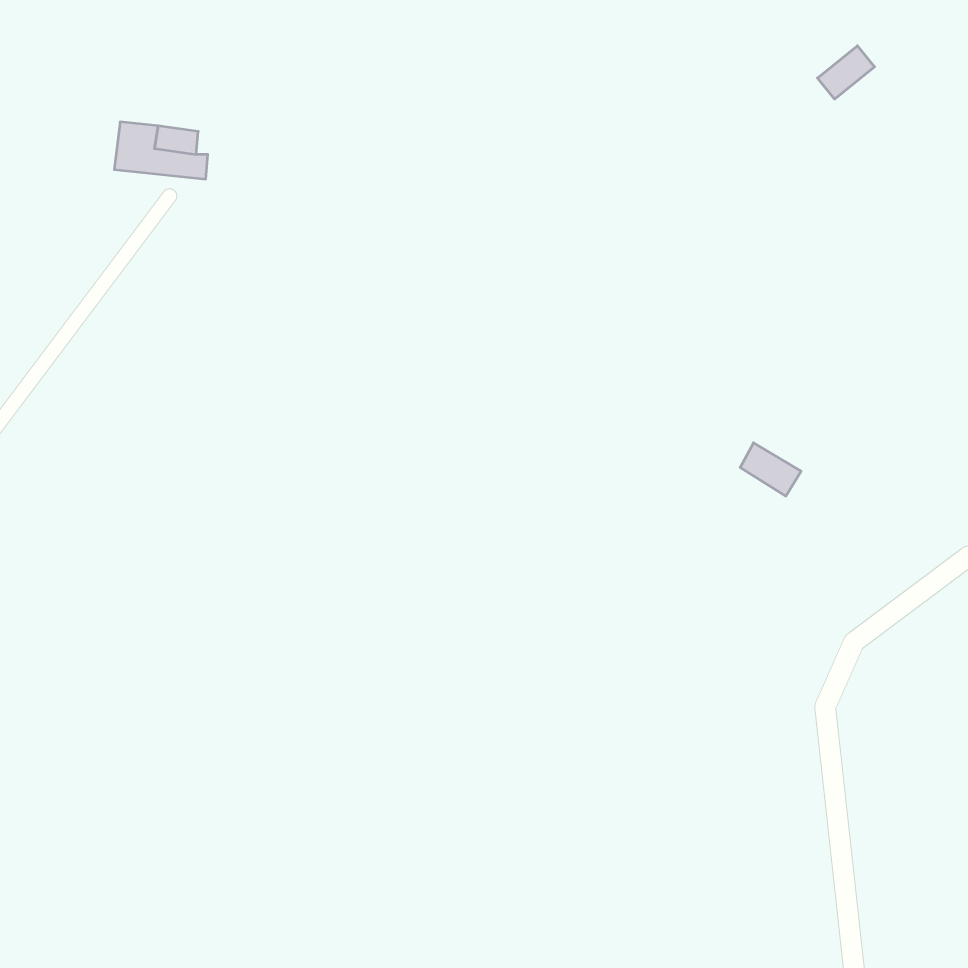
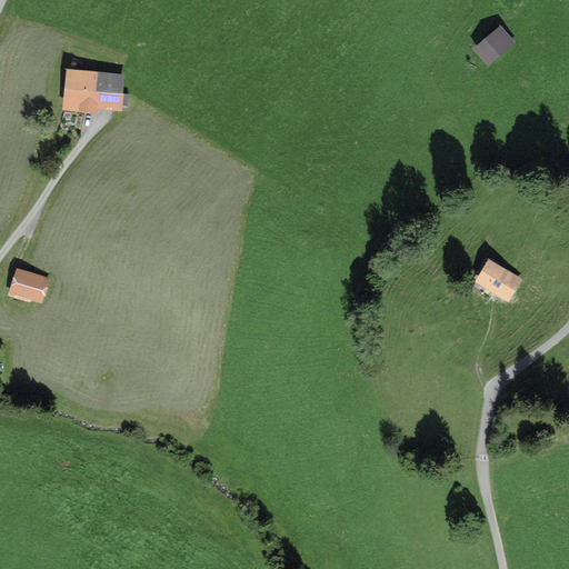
building: [740,443,801,496] -> [478,263,513,295]
building: none -> [11,269,43,297]

